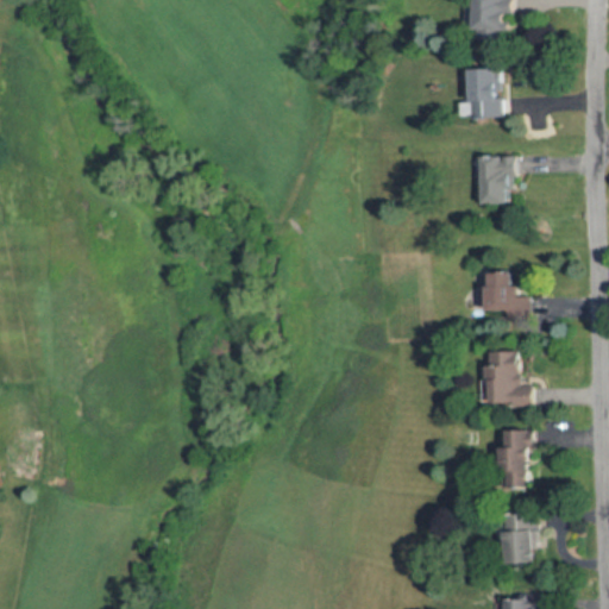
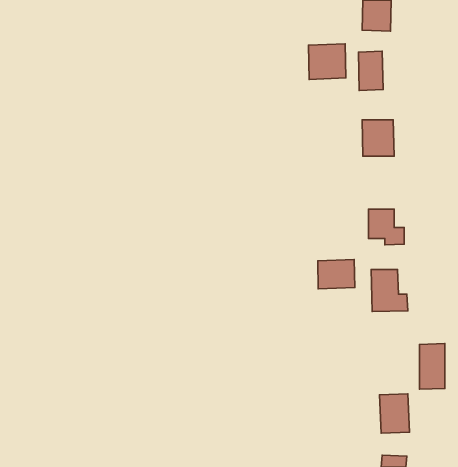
building: none -> [308,44,346,79]
building: none -> [318,259,355,289]
building: [498,429,532,489] -> [419,344,445,389]

